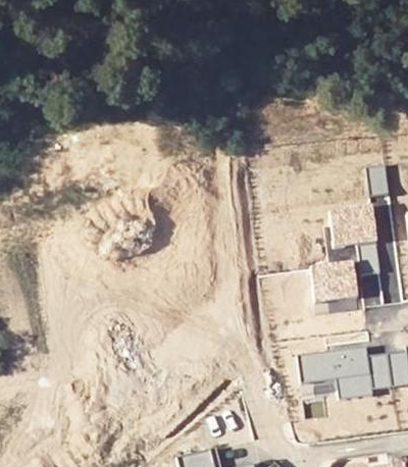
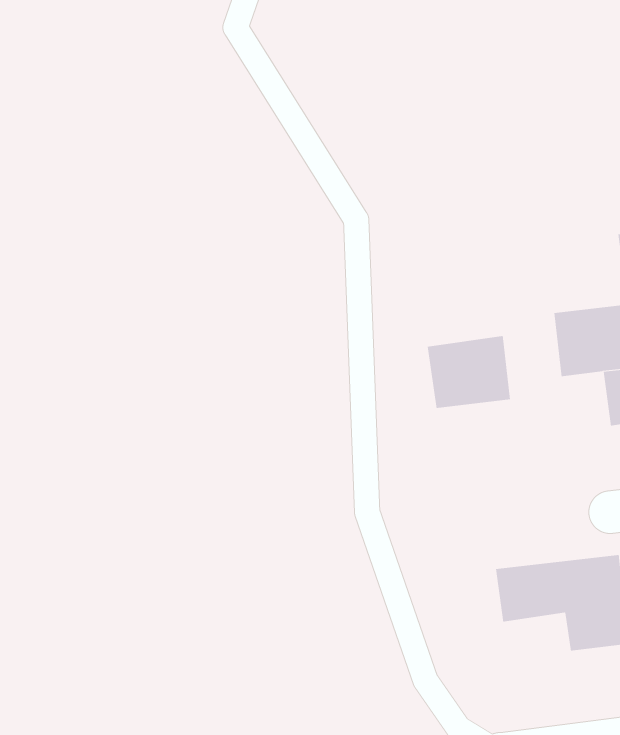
building: [311,262,358,303] -> [427,335,511,409]

